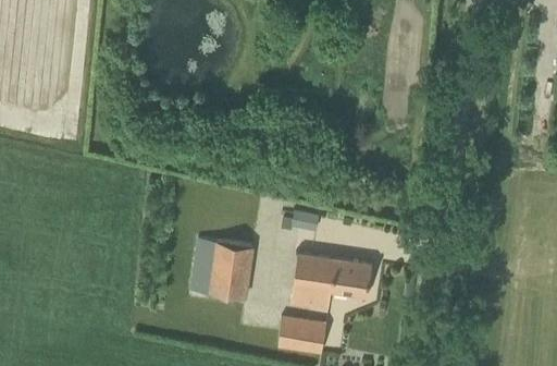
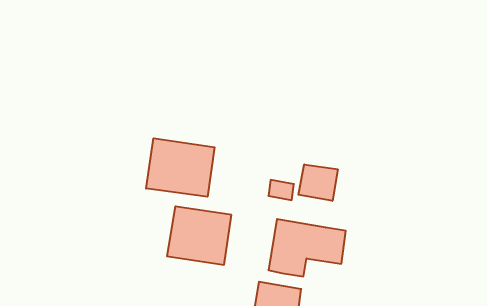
building: none -> [146,138,215,197]
building: none -> [298,164,338,201]

